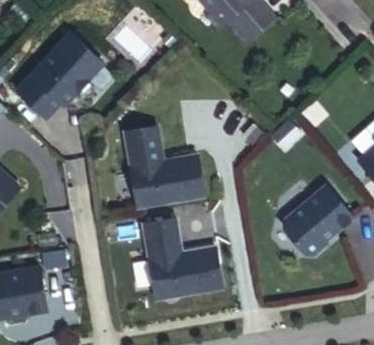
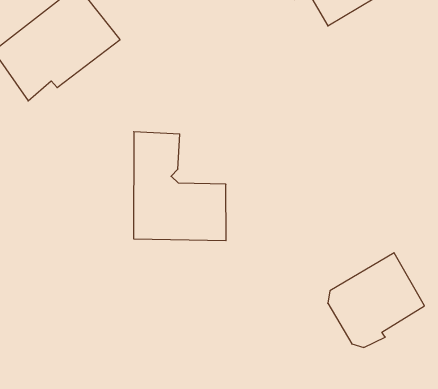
building: [142,219,220,301] -> none

